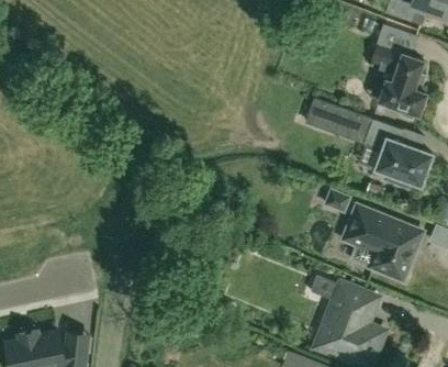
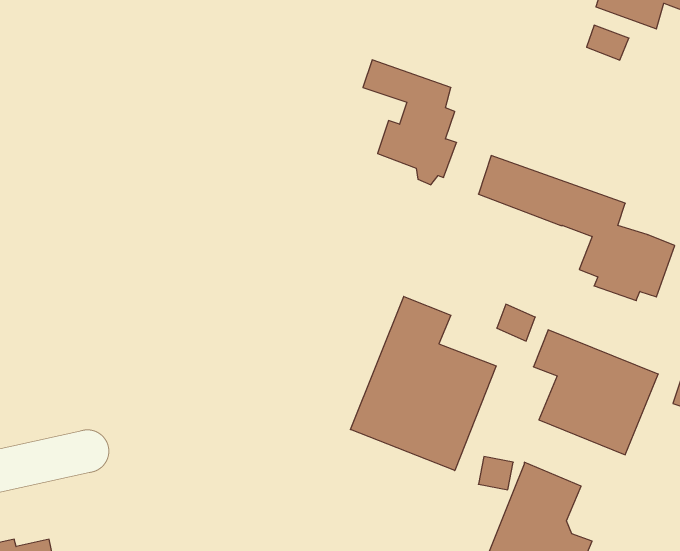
building: [371,44,427,119] -> [363,60,457,185]
building: none -> [350,296,496,471]

